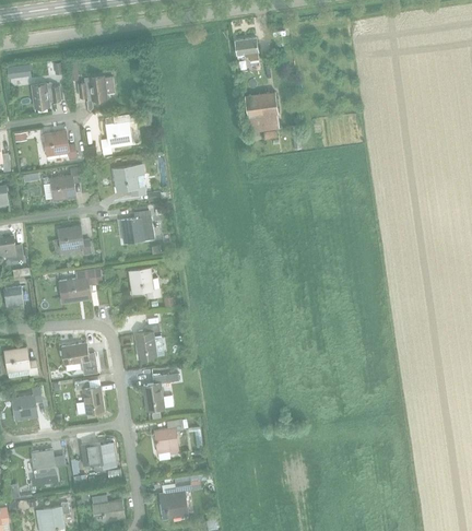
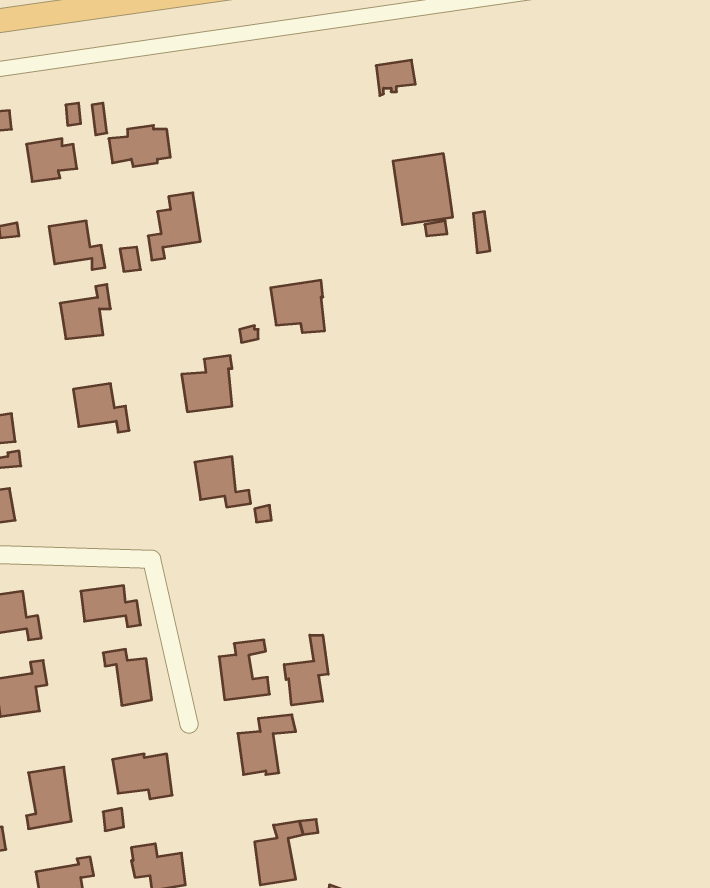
building: [113,165,144,196] -> [271,280,325,333]
building: [59,270,94,303] -> none
building: [134,323,160,359] -> none
building: none -> [284,635,328,705]

